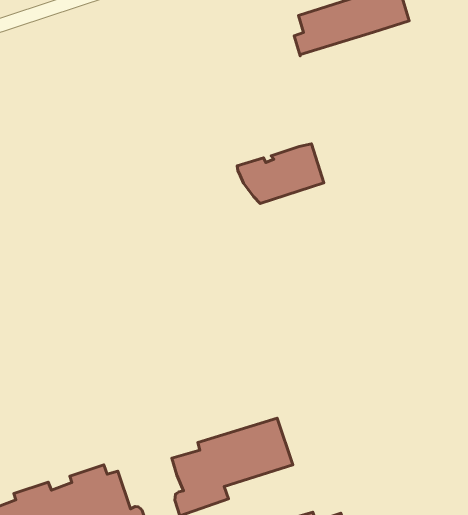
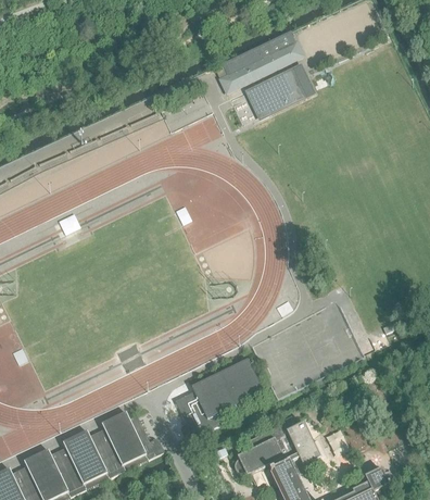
building: [237,144,324,203] -> [249,64,314,113]

